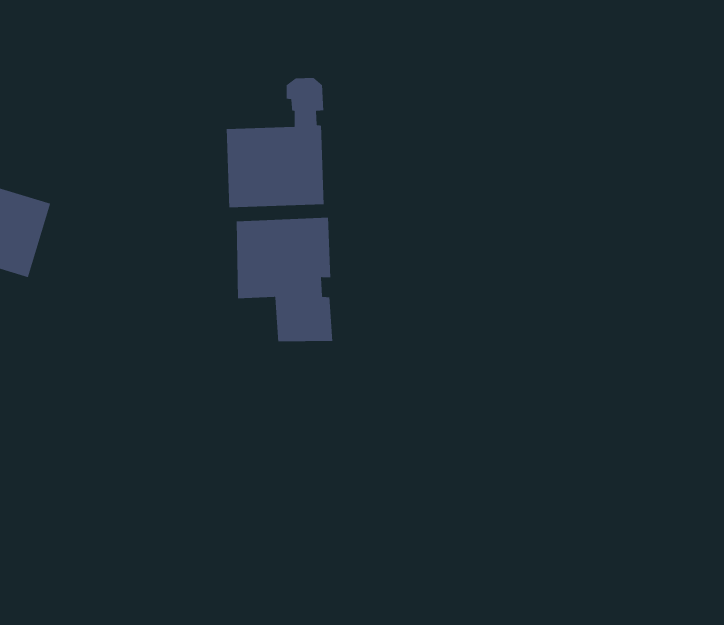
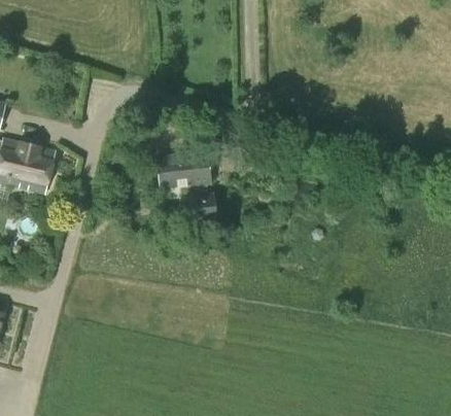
building: [226,77,325,208] -> none

